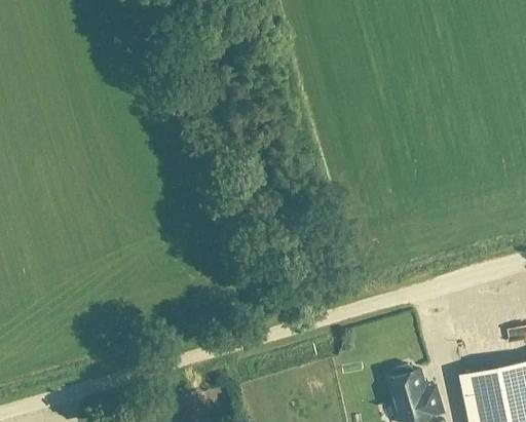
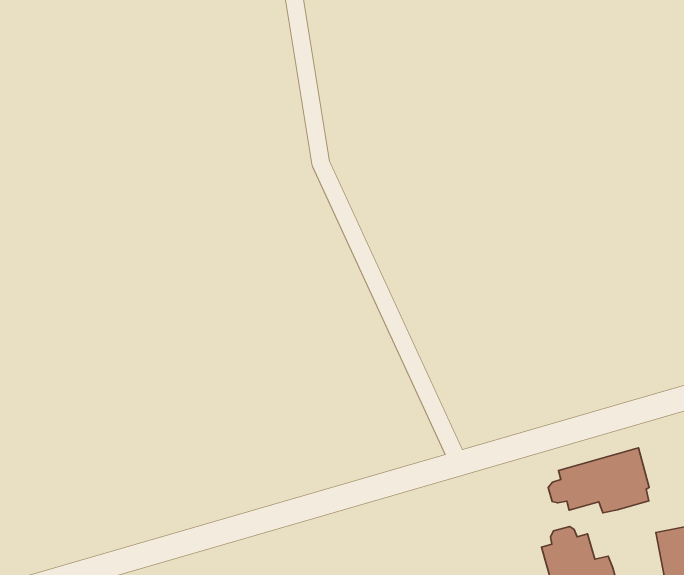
building: none -> [548,448,649,513]

